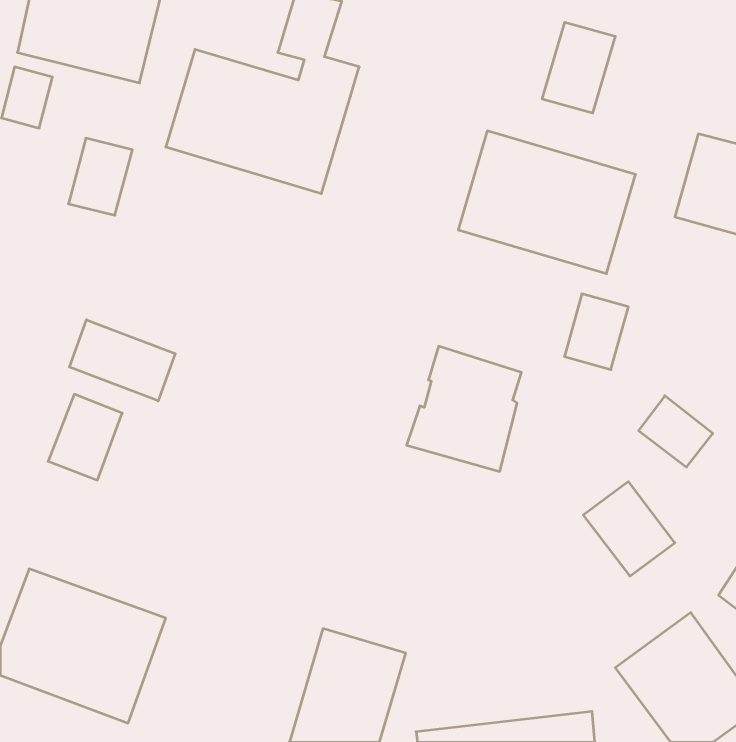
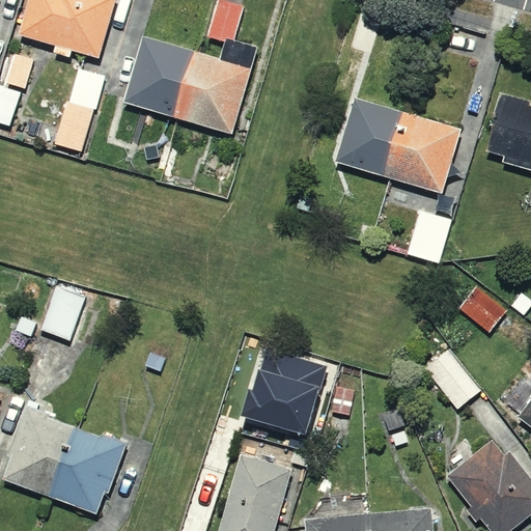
building: [542,22,615,113] -> none
building: [69,320,175,401] -> none
building: [407,346,521,471] -> [254,352,336,441]

